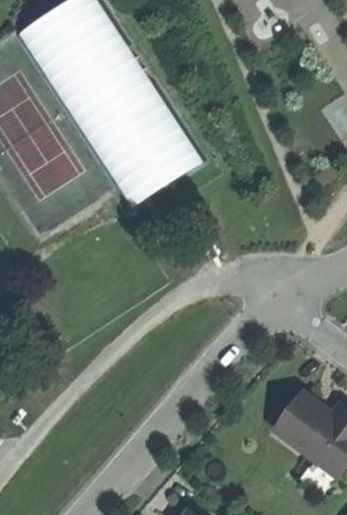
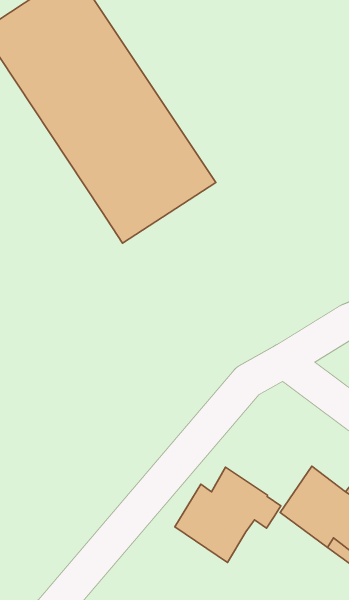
building: none -> [175,467,281,563]

